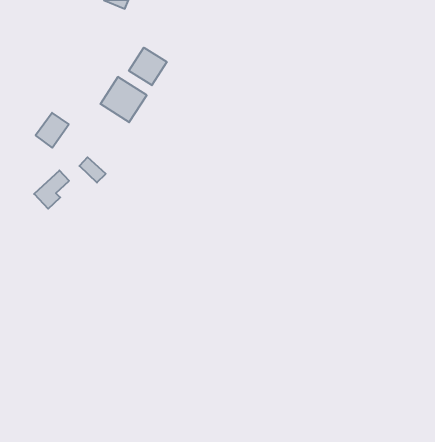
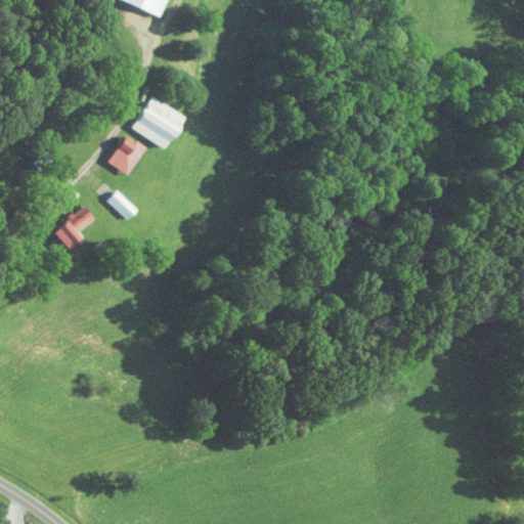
building: [129,48,167,85] -> none
building: [36,113,69,148] -> [106,134,145,175]

